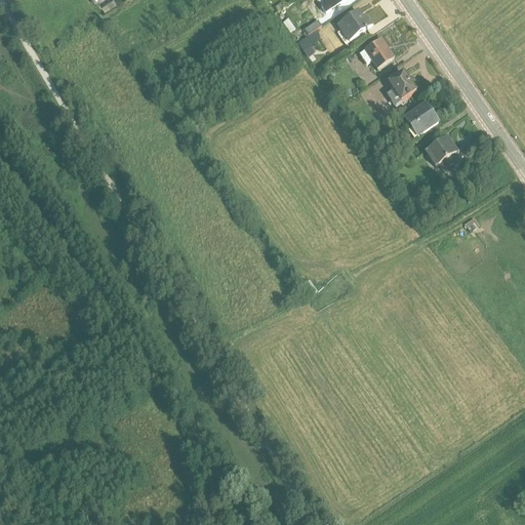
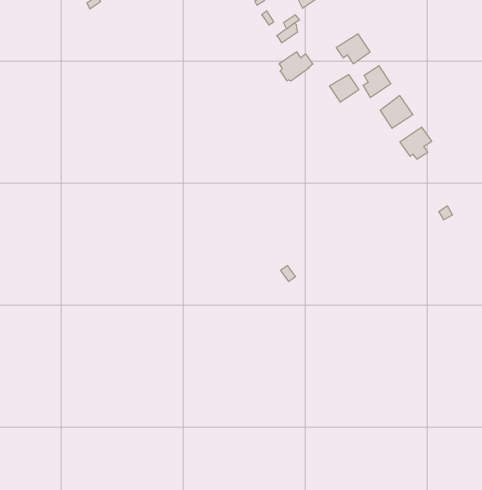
building: [336,10,371,40] -> [279,52,313,81]
building: none -> [330,75,359,102]

